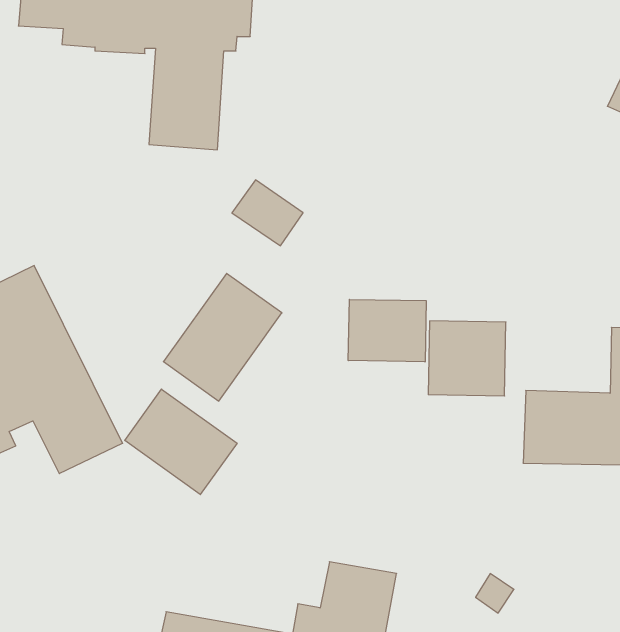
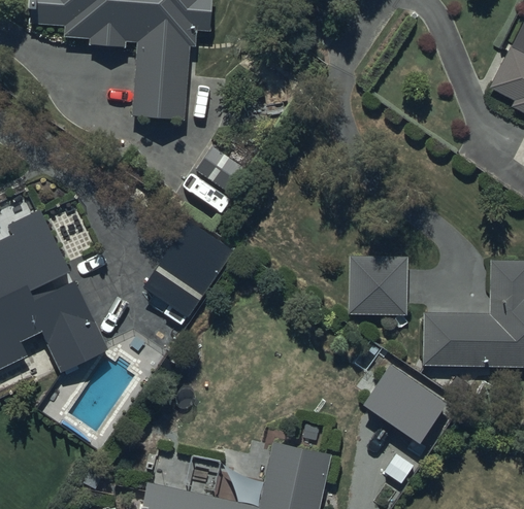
building: [348,299,426,362] -> none
building: [125,389,237,495] -> none
building: none -> [360,362,445,442]

